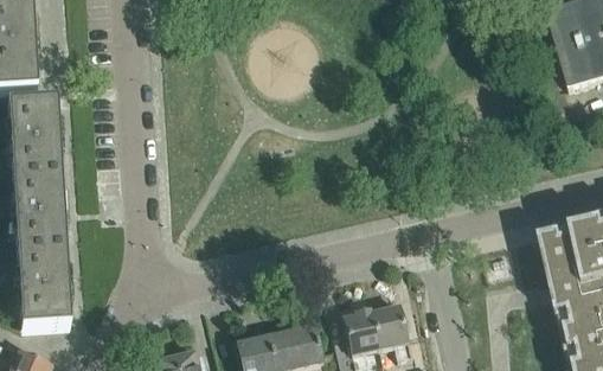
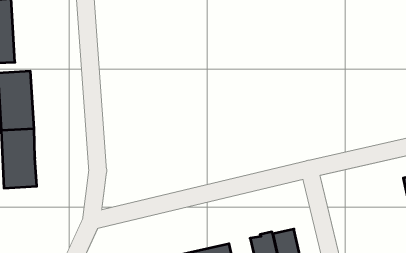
building: [21,249,69,327] -> none

